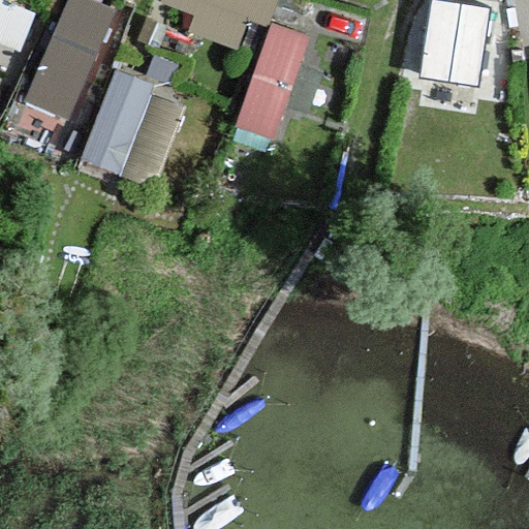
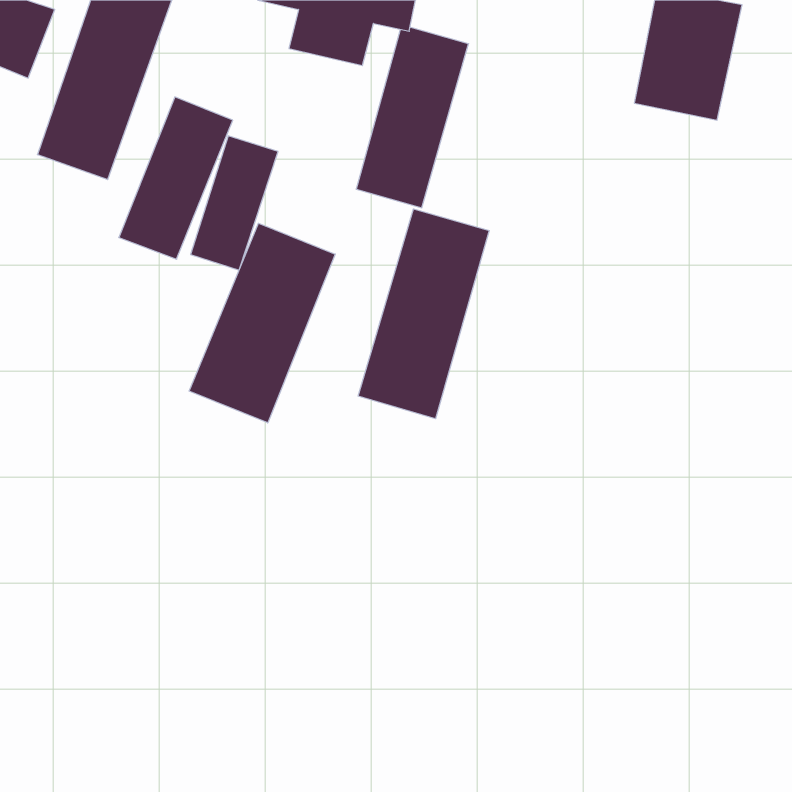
building: none -> [358,209,489,419]
building: none -> [189,223,335,423]

